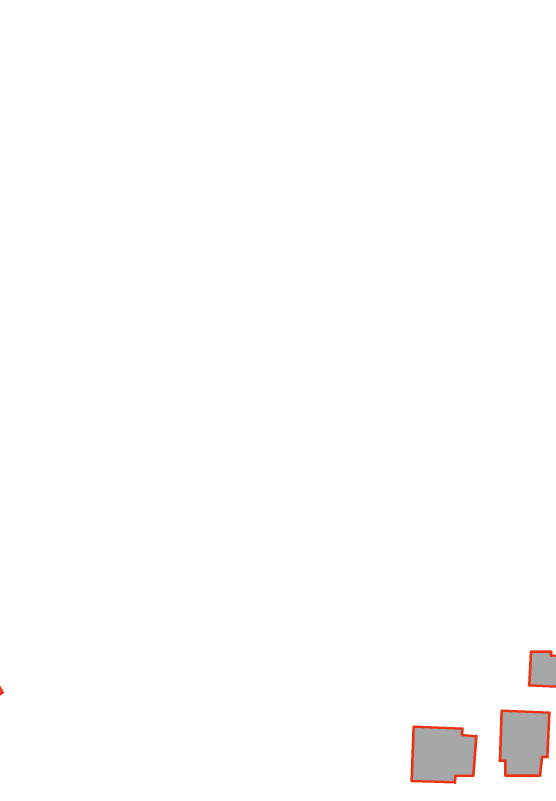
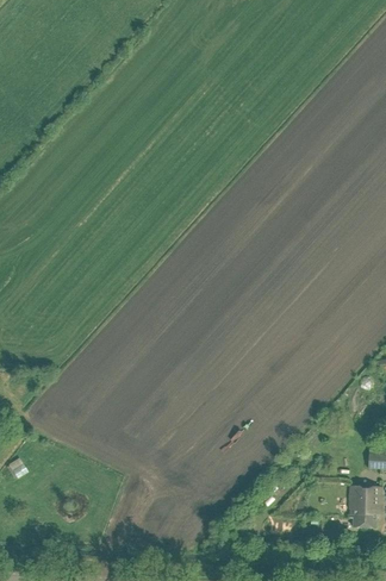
building: [412,727,476,783] -> none

